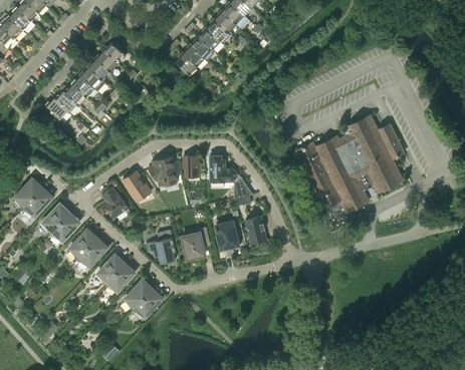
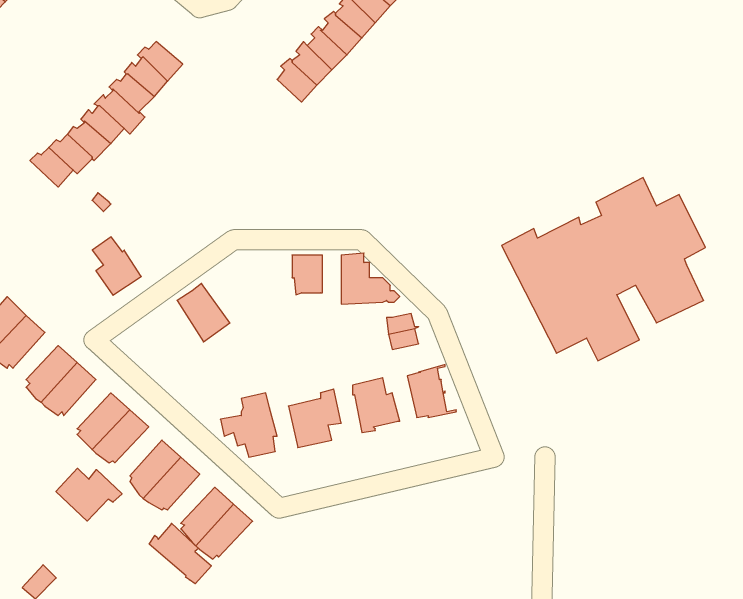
building: [148,155,177,186] -> none
building: [101,187,128,218] -> [92,237,141,295]
building: none -> [56,468,122,521]
building: none -> [149,523,211,584]

